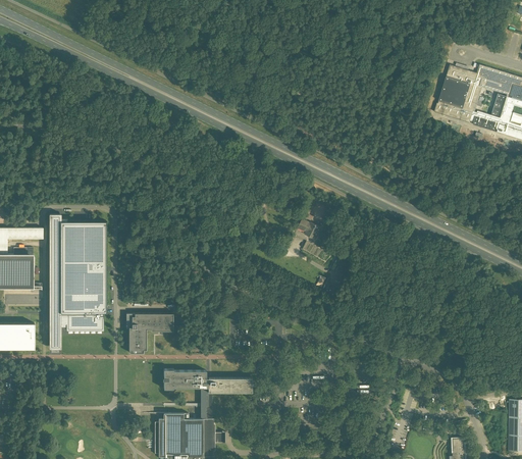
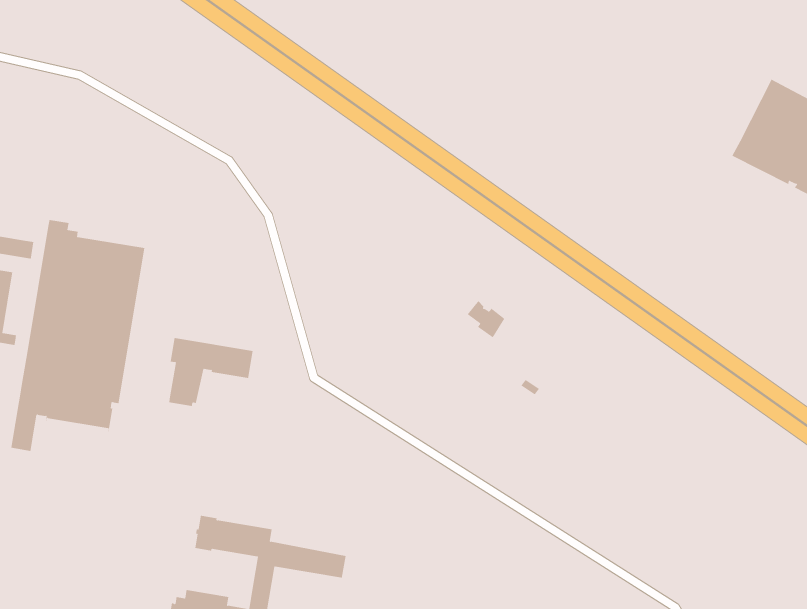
building: [126,314,173,352] -> [168,337,253,406]

